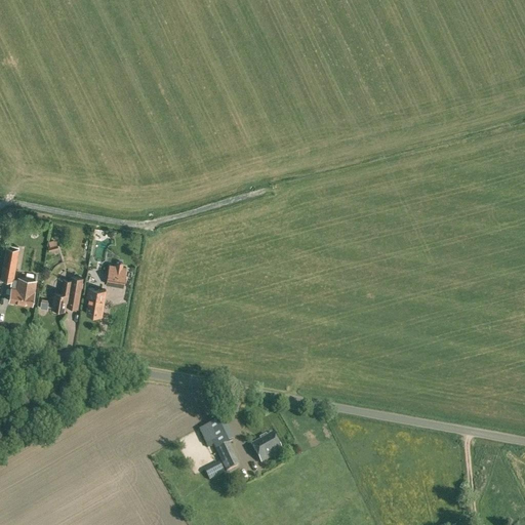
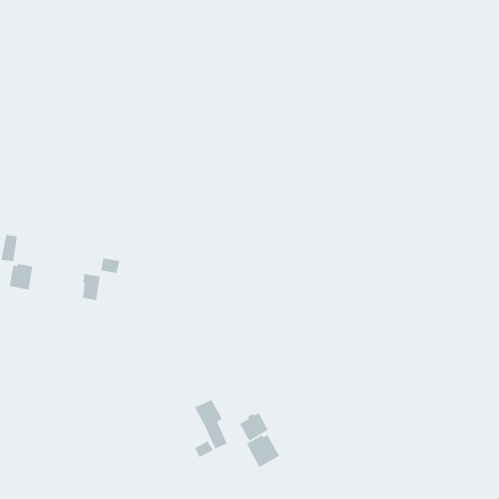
building: [51,275,84,309] -> none
building: none -> [246,434,280,468]

